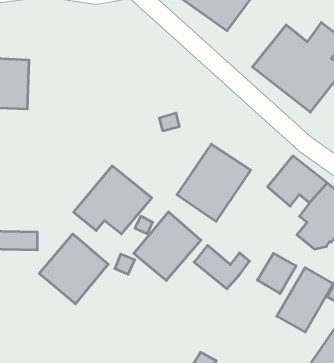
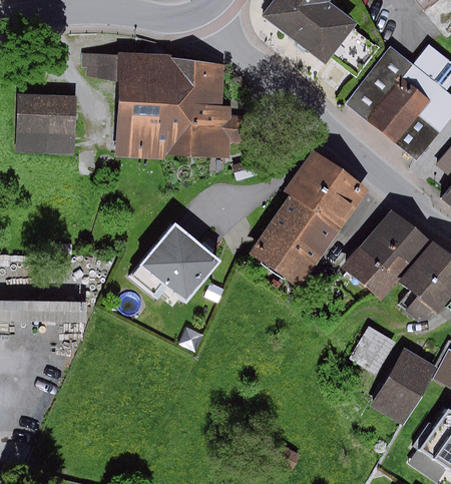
building: none -> [81,51,253,158]
building: none -> [288,147,368,226]
building: [134,212,201,281] -> none
building: [39,234,108,304] -> none
building: [194,245,250,289] -> [346,247,412,299]

